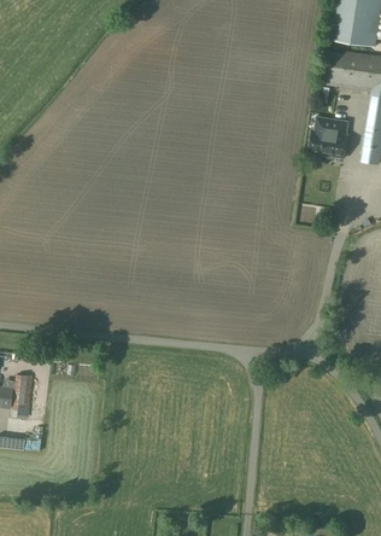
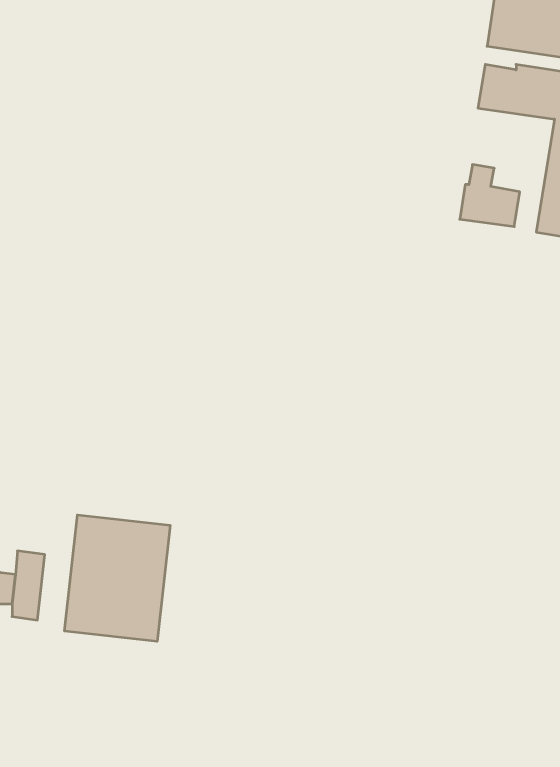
building: none -> [65,515,170,641]

